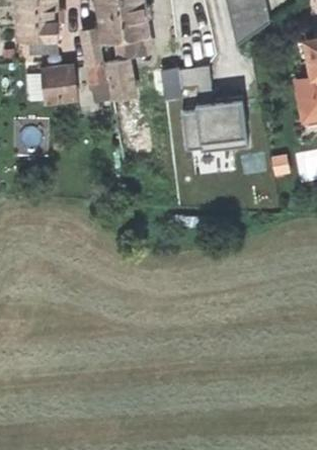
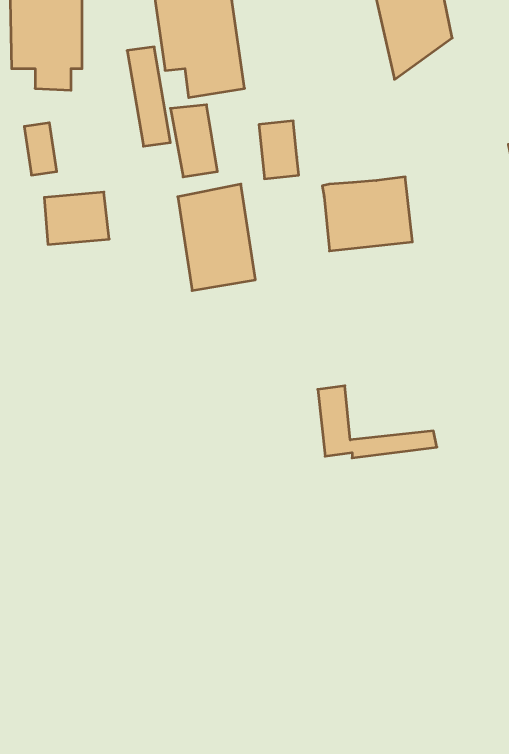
building: [177,66,211,104] -> none
building: [43,69,79,98] -> [44,192,109,244]
building: [179,111,246,152] -> [318,386,437,458]

